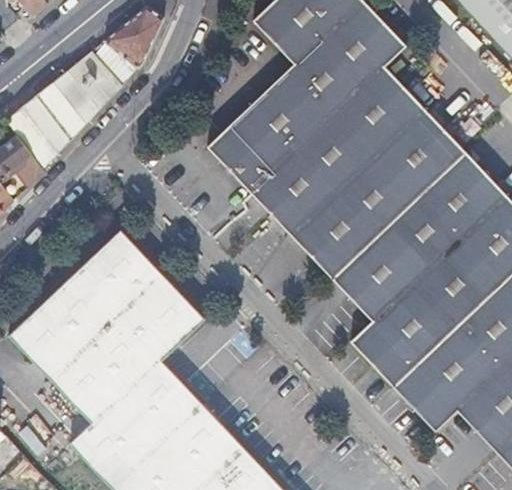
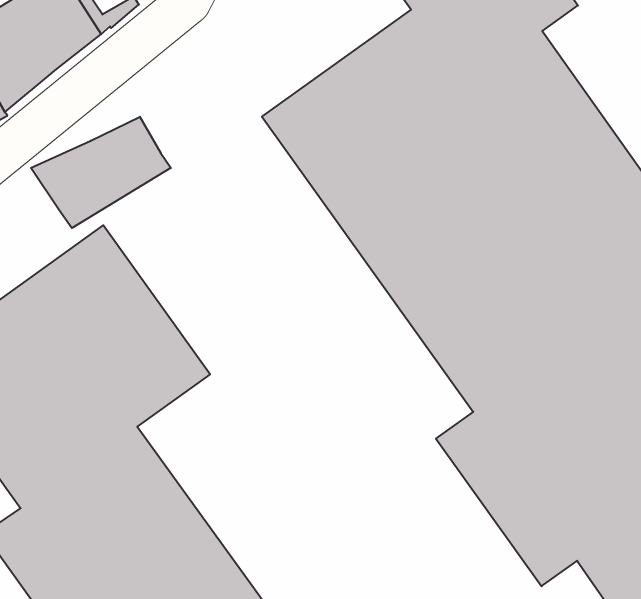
building: none -> [31,117,171,228]

